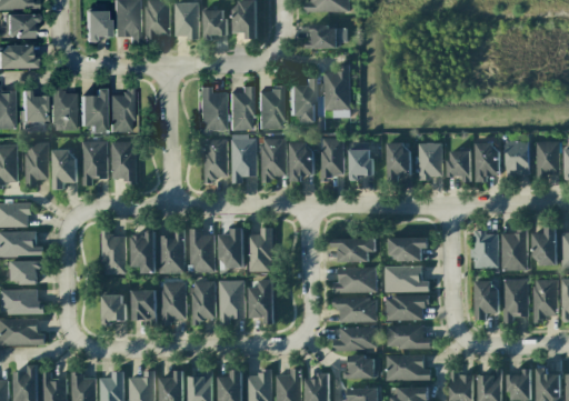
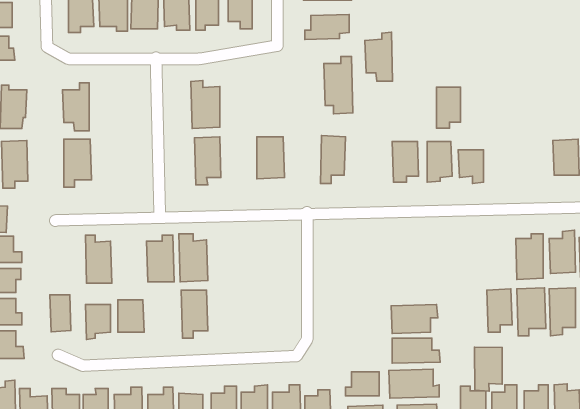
building: [290,78,316,123] -> [365,32,393,81]
building: [231,86,253,130] -> none
building: [259,86,284,130] -> none
building: [52,87,78,131] -> none
building: [111,88,134,132] -> none
building: [230,136,257,183] -> none
building: [506,138,530,176] -> none
building: [111,141,136,180] -> none
building: [289,142,312,182] -> none
building: [477,143,499,181] -> [436,87,460,128]
building: [349,149,372,180] -> none
building: [53,150,77,190] -> none
building: [219,228,243,267] -> none
building: [248,228,272,271] -> none
building: [475,231,498,268] -> none
building: [131,233,156,273] -> none
building: [331,238,376,262] -> none
building: [389,238,428,261] -> none
building: [385,265,428,292] -> none
building: [332,267,376,293] -> none
building: [218,280,246,320] -> none
building: [250,280,274,323] -> none
building: [160,282,187,325] -> none
building: none -> [50,295,71,332]
building: [333,298,377,322] -> none
building: [333,327,377,350] -> none
building: none -> [474,347,502,391]

